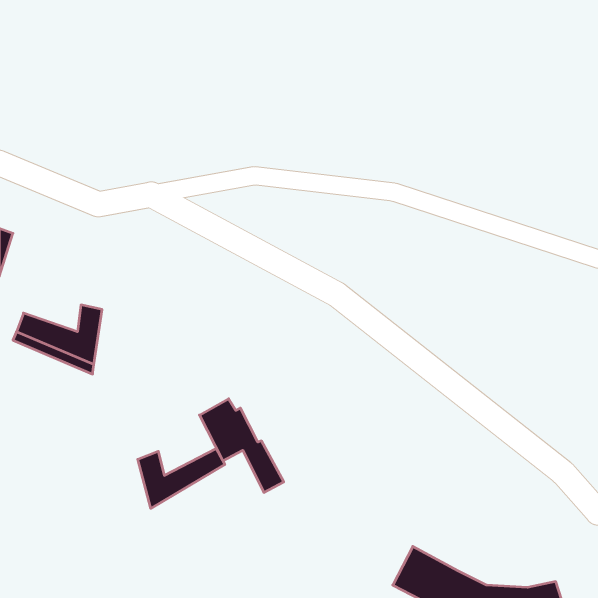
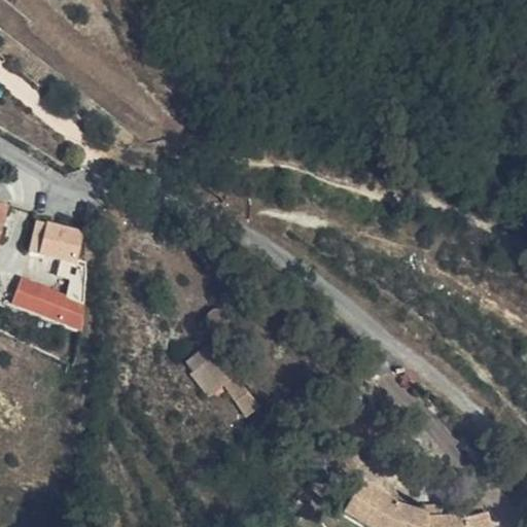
building: none -> [28,220,83,265]
building: [138,449,225,508] -> none

